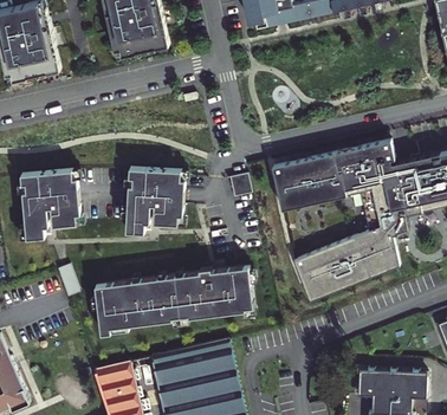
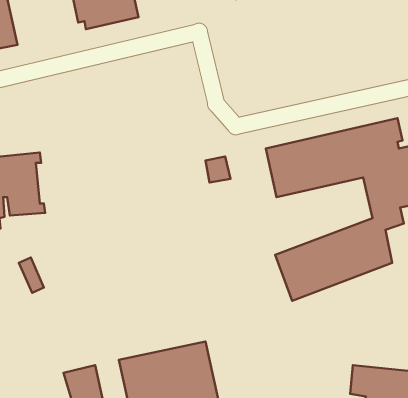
building: [122,167,187,233] -> none
building: [89,266,253,335] -> none

